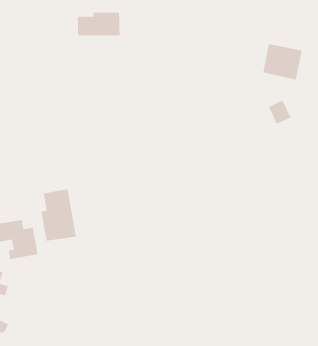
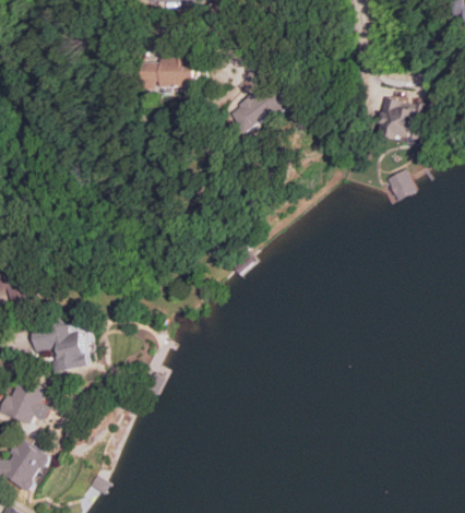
building: none -> [229,81,289,134]
building: [41,189,77,242] -> none

